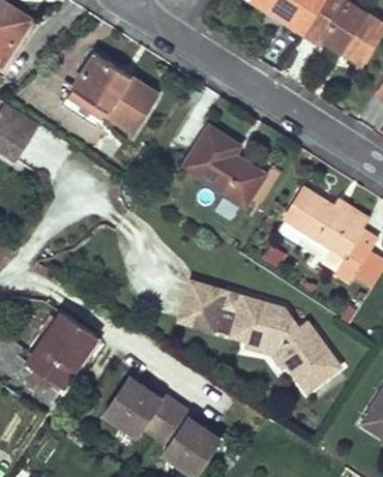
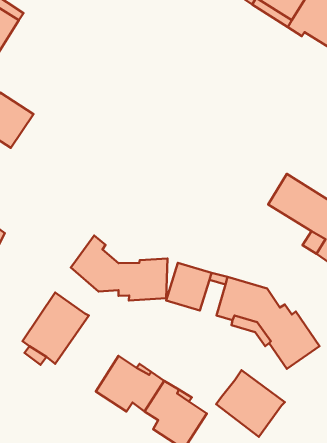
building: [61,54,158,132] -> none
building: [184,127,264,205] -> none
building: none -> [71,235,167,300]
building: none -> [216,370,285,437]

